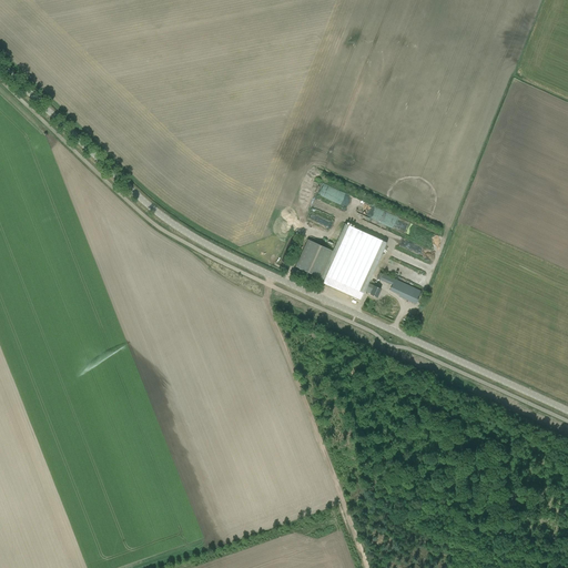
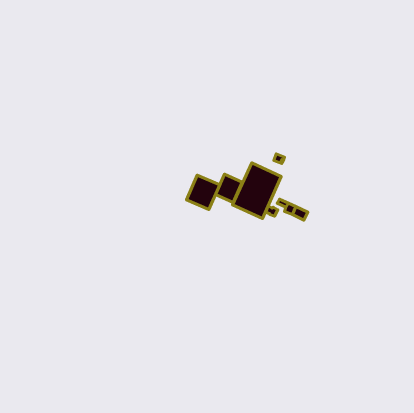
building: none -> [186,175,220,209]

